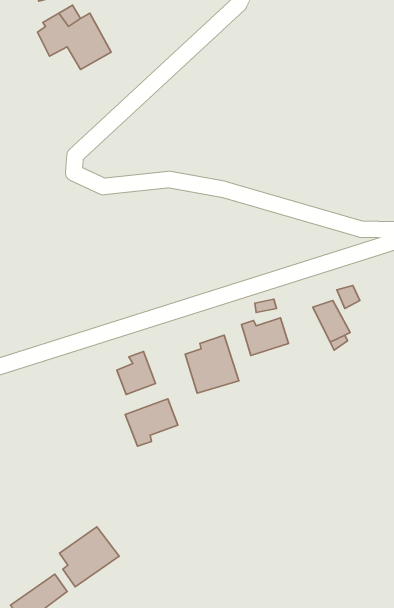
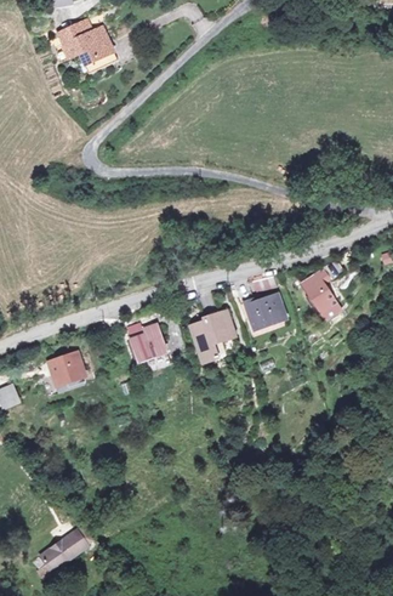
building: none -> [46,352,84,391]
building: [125,399,178,446] -> none
building: [60,527,119,587] -> none

